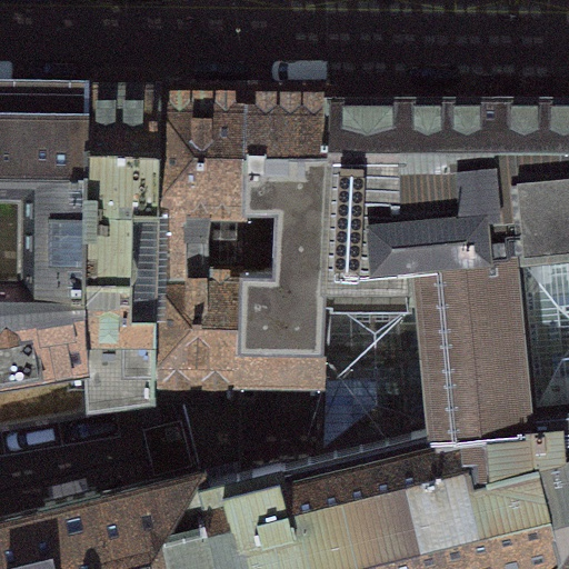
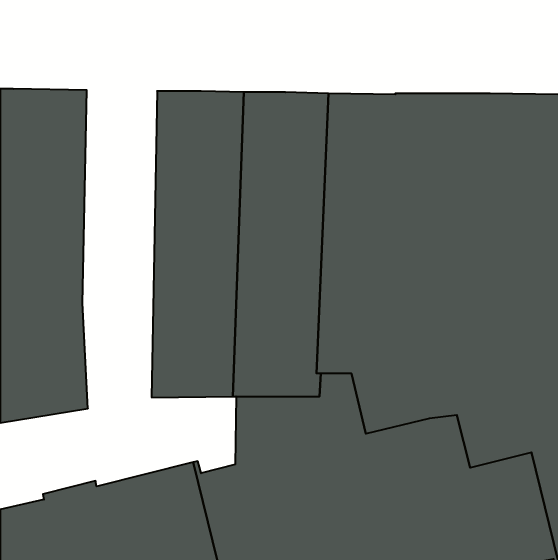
building: [87,92,162,415] -> none

